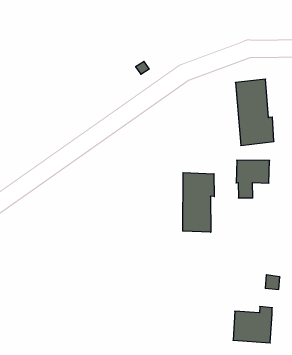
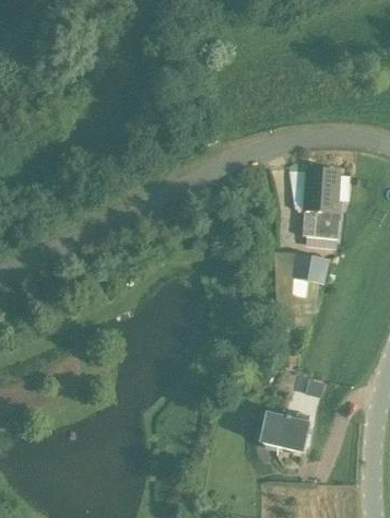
building: [183,173,214,232] -> none

